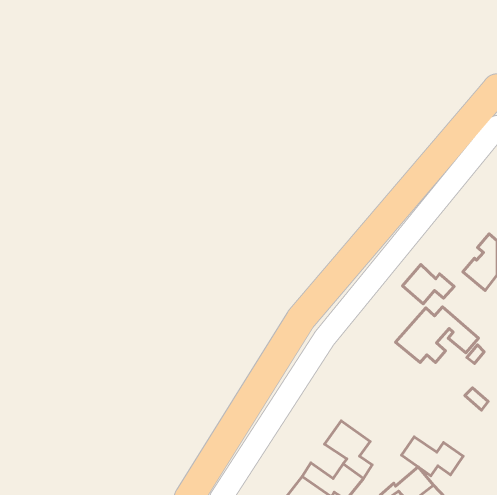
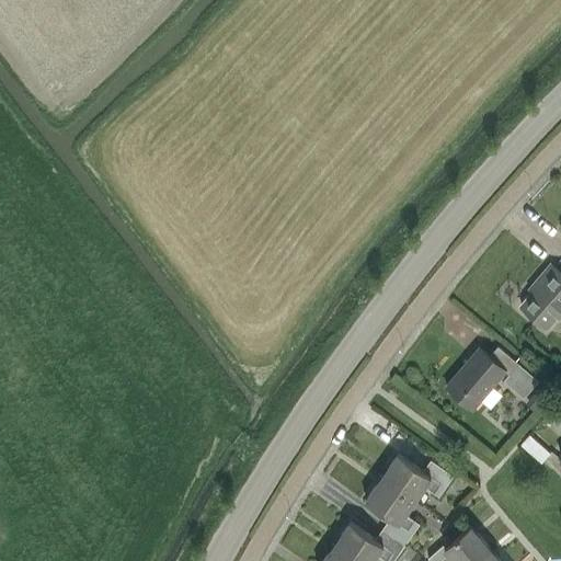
building: [402,265,454,304] -> none
building: [402,437,463,476] -> [383,456,453,500]

